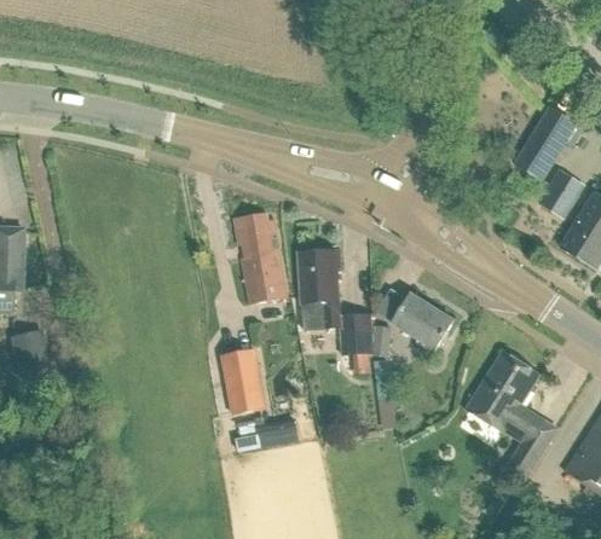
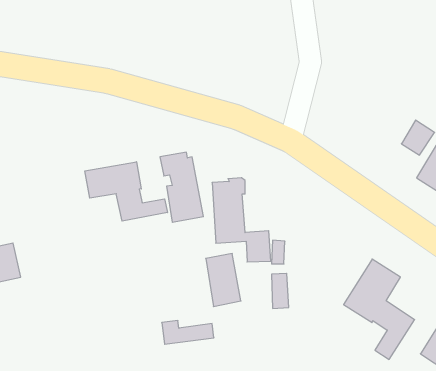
building: [514,106,574,179] -> none
building: none -> [85,162,167,221]
building: [393,292,453,348] -> none
building: [224,348,268,416] -> [206,254,241,307]

